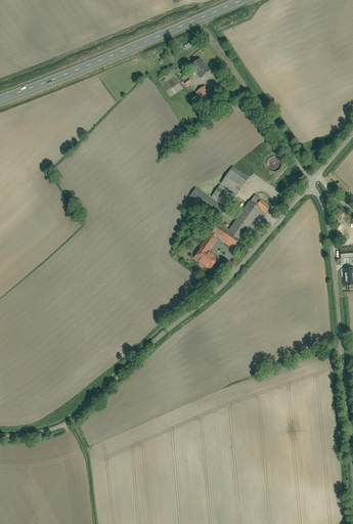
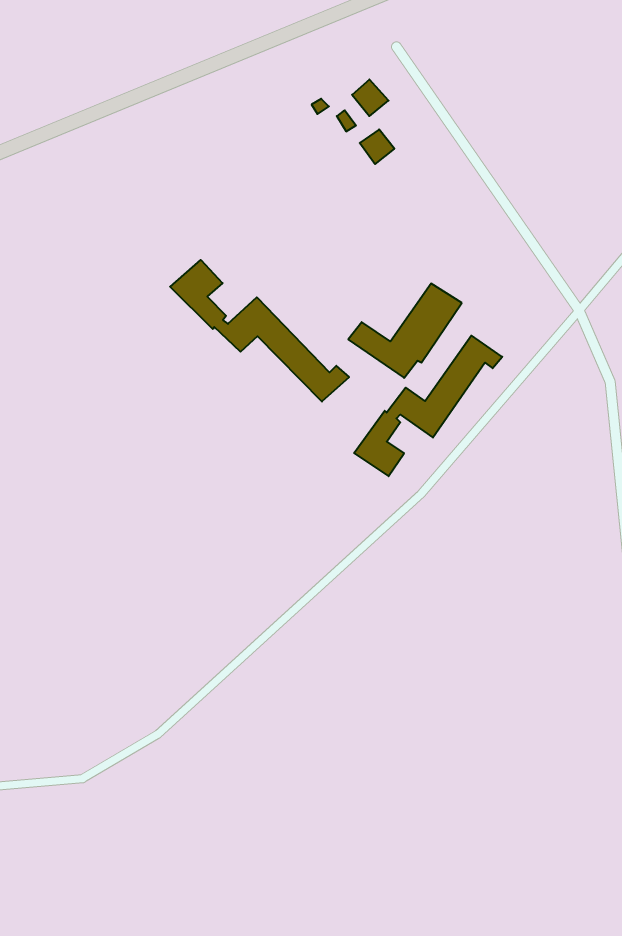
building: none -> [170,260,349,402]

